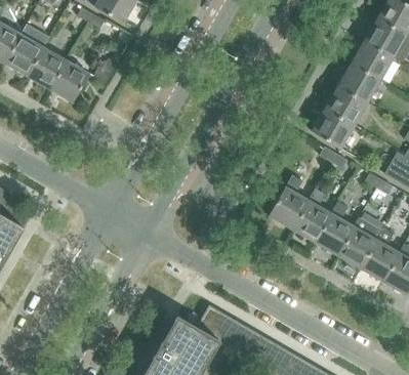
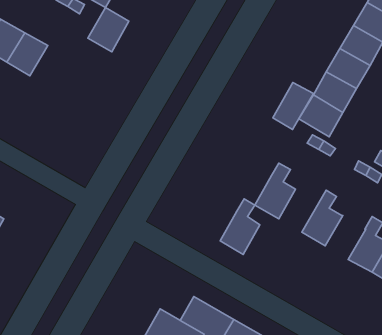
building: [49,60,89,103] -> [88,8,129,52]
building: none -> [273,83,314,130]
building: [292,189,331,243] -> [220,199,260,254]
building: [337,217,381,269] -> none

